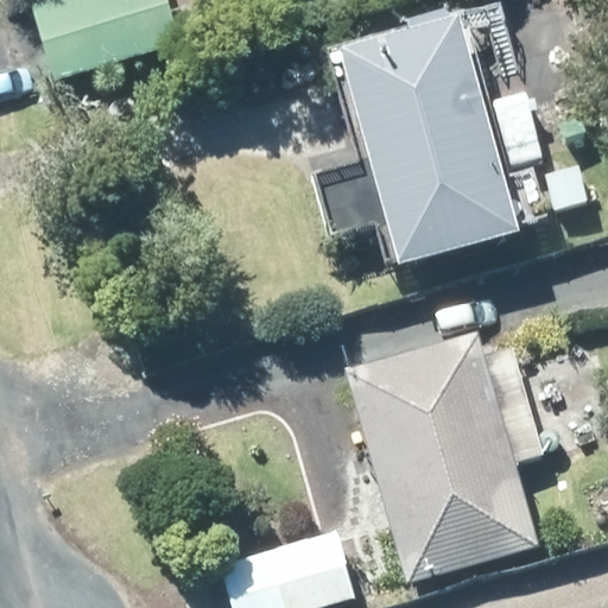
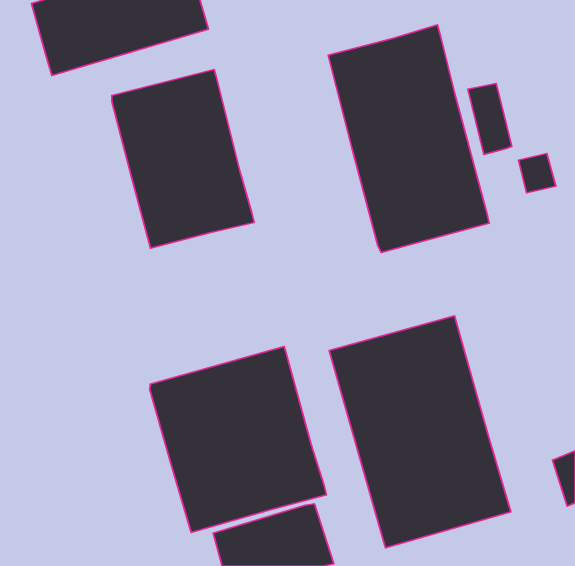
building: none -> [112,70,254,248]
building: none -> [150,346,327,532]

